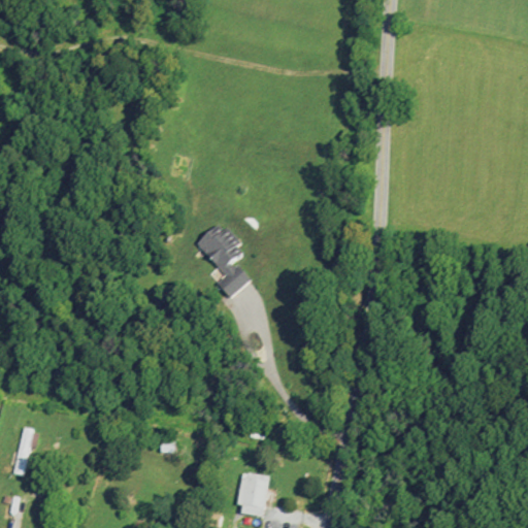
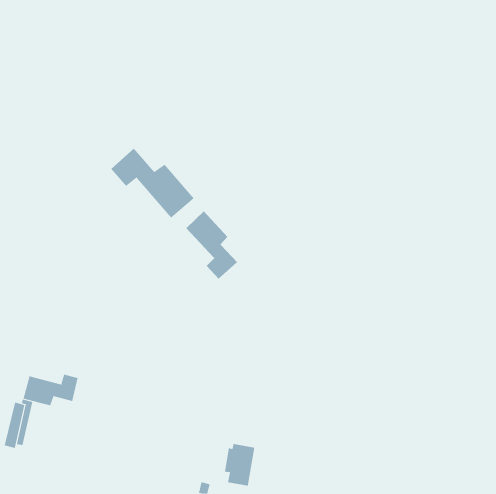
building: none -> [111,148,195,218]
building: none -> [23,374,78,406]

